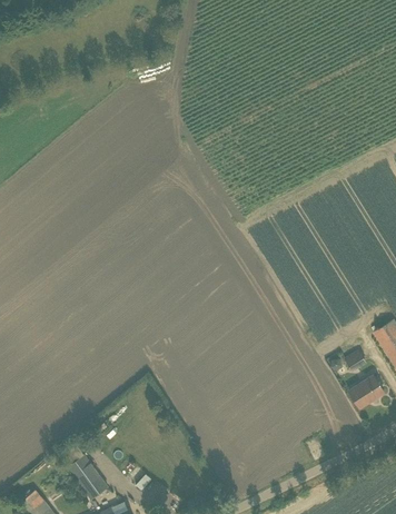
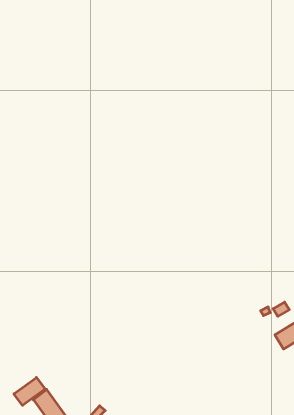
building: none -> [14,377,45,405]

